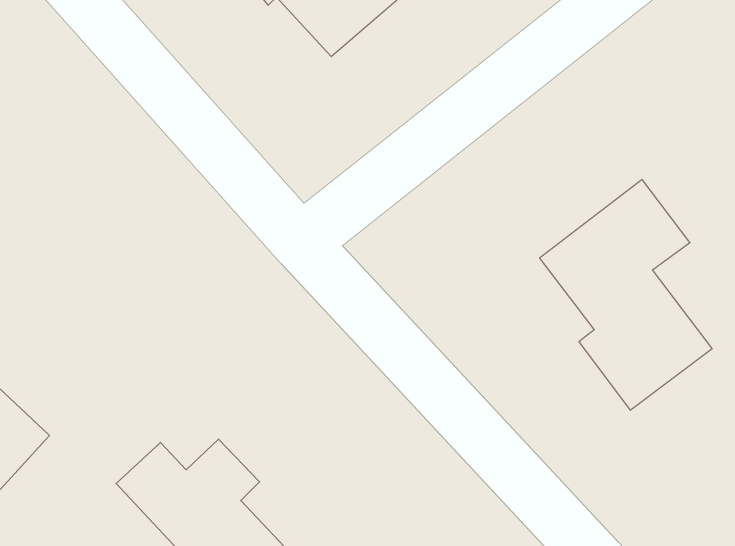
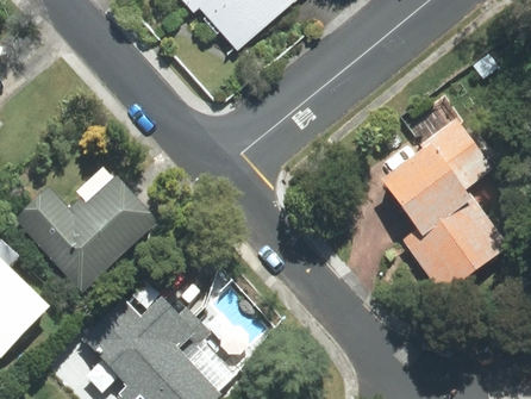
building: none -> [18,185,152,287]

